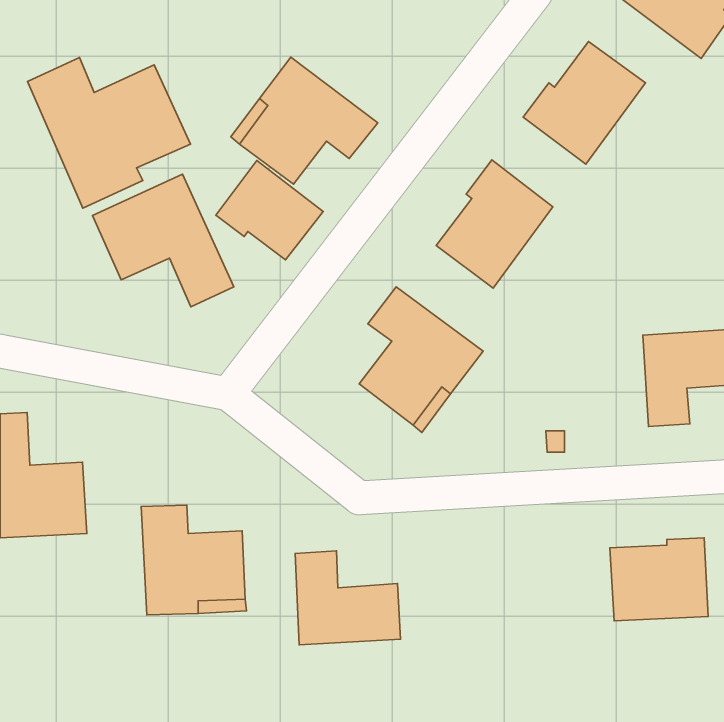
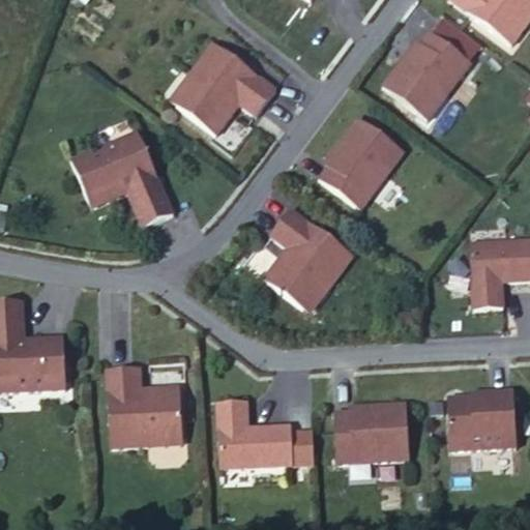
building: [27,57,190,208] -> none
building: [216,160,323,260] -> none
building: none -> [334,403,409,464]

